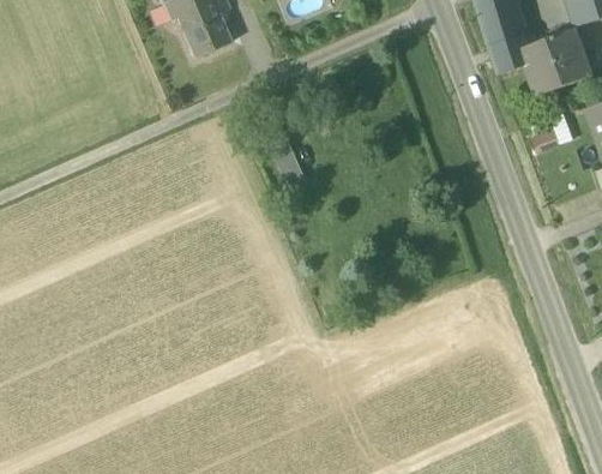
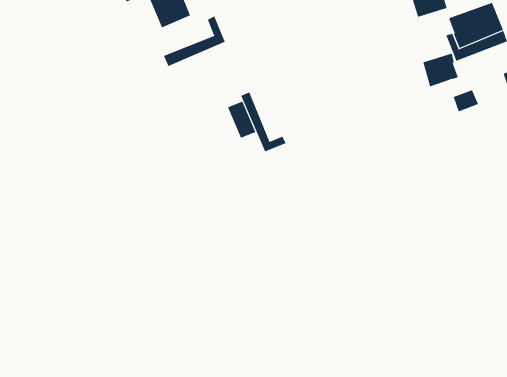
building: [490,35,532,74] -> [422,53,459,87]
building: none -> [163,16,225,67]
building: none -> [240,91,286,152]

